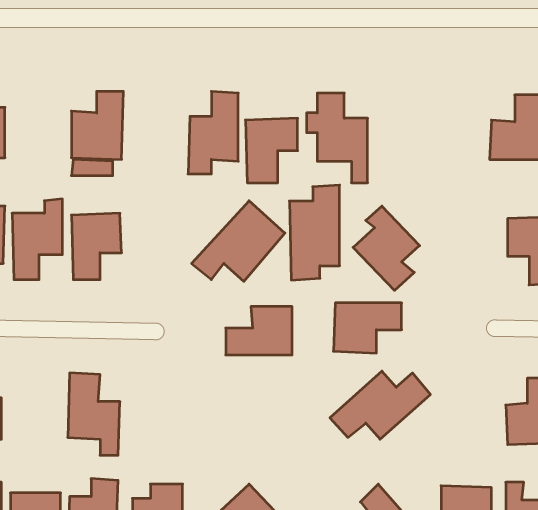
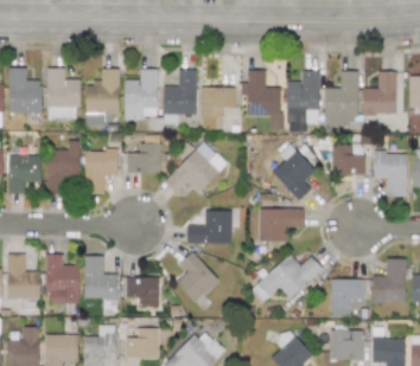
building: none -> [47,69,81,117]
building: none -> [125,69,158,118]
building: none -> [325,71,358,127]
building: [289,185,340,280] -> [286,70,319,133]
building: none -> [127,143,160,173]
building: none -> [332,145,364,174]
building: none -> [176,251,218,302]
building: none -> [45,253,78,303]
building: none -> [126,277,159,307]
building: none -> [330,280,364,317]

